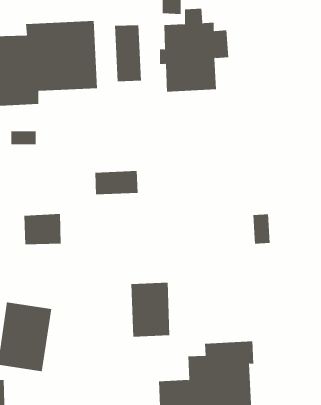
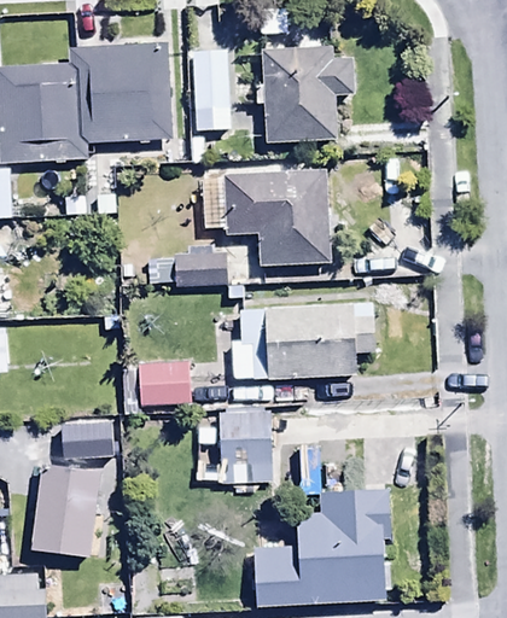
building: none -> [202,169,334,264]
building: none -> [232,303,377,379]
building: [24,214,62,245] -> [138,361,191,404]

